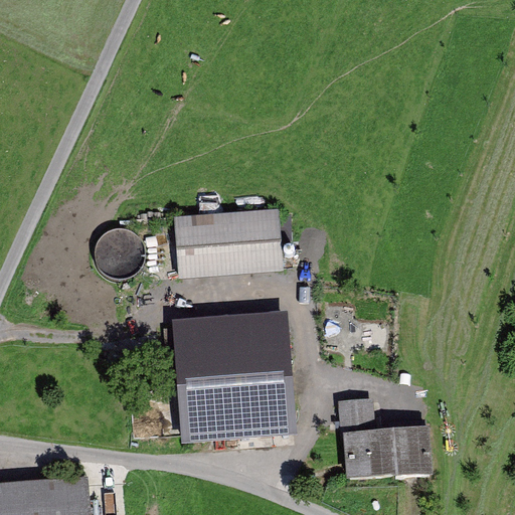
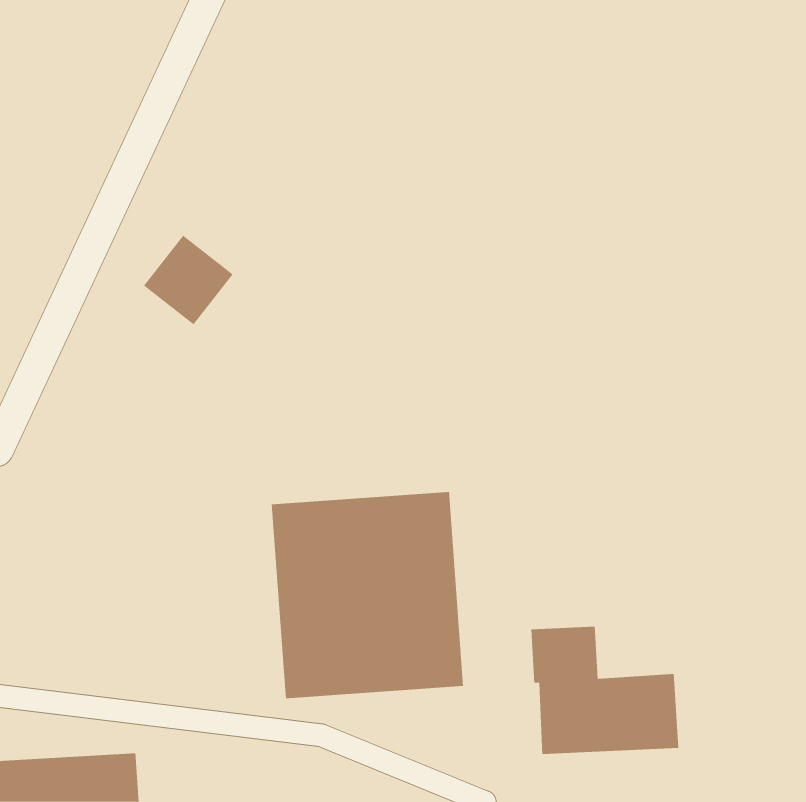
building: [173,208,283,279] -> none
building: [92,221,149,279] -> [143,235,234,325]

